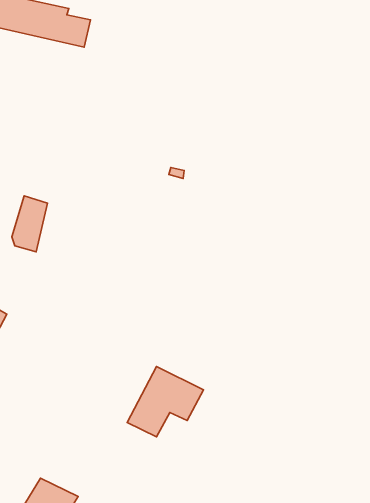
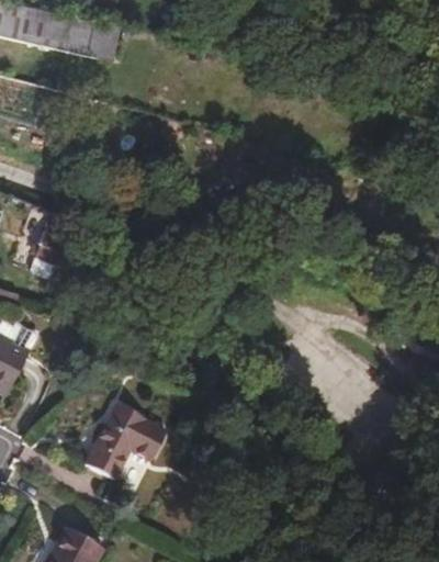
building: [127,367,204,437] -> [83,403,166,479]

